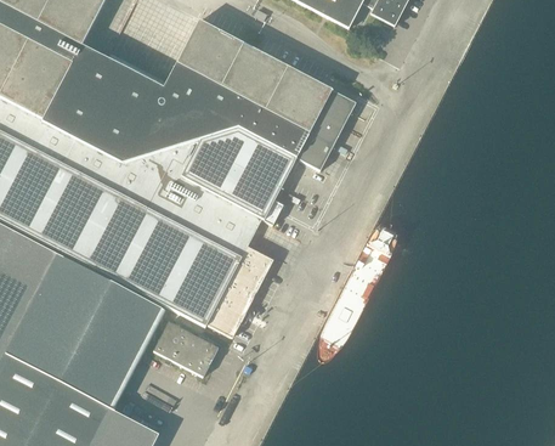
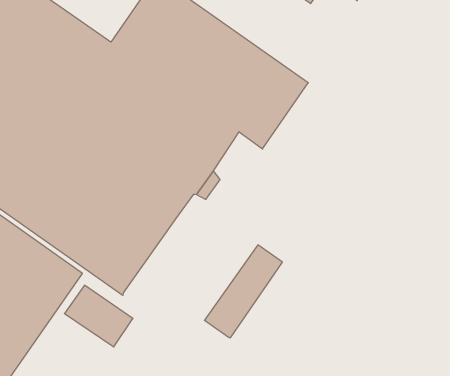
building: [205,244,272,335] -> [204,245,282,338]

